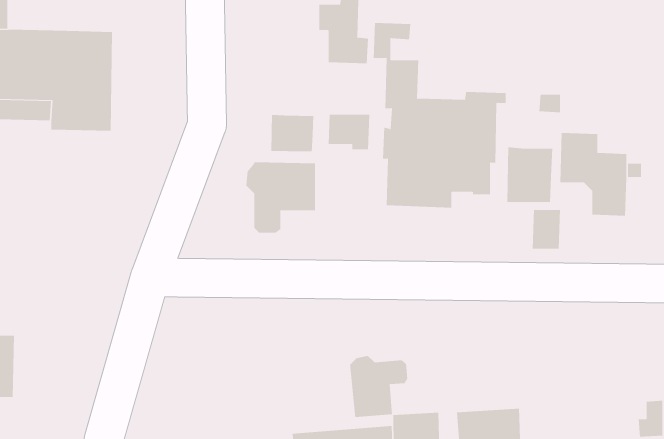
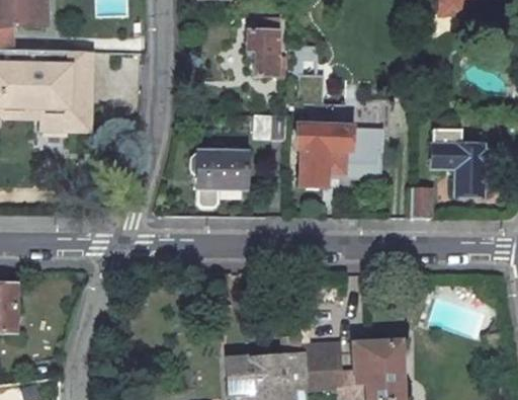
building: [271,114,314,152] -> none
building: [507,147,553,203] -> none
building: [350,355,408,418] -> none

